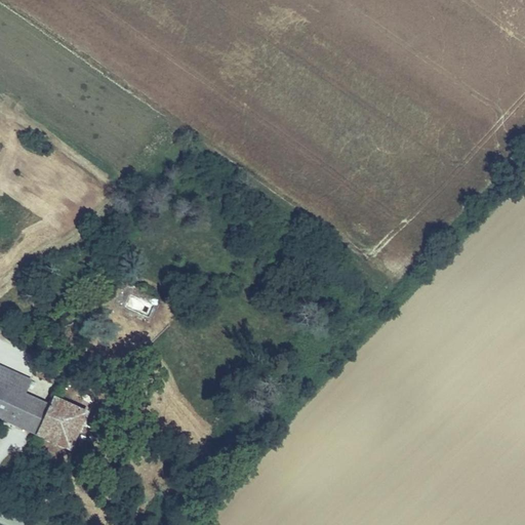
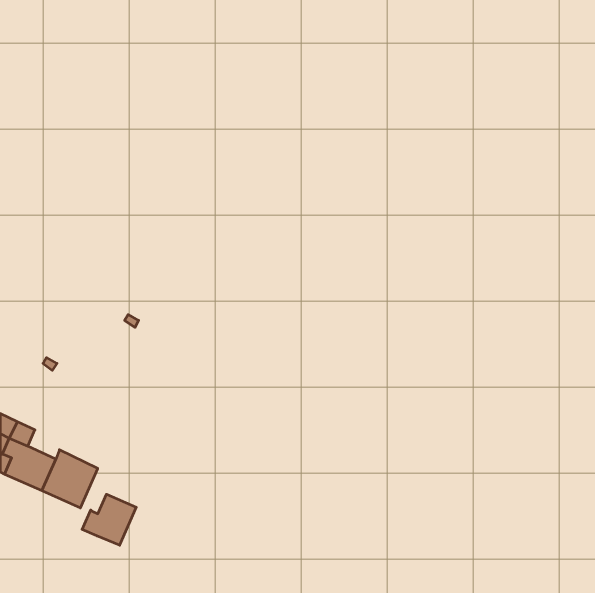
building: none -> [82,494,136,545]

